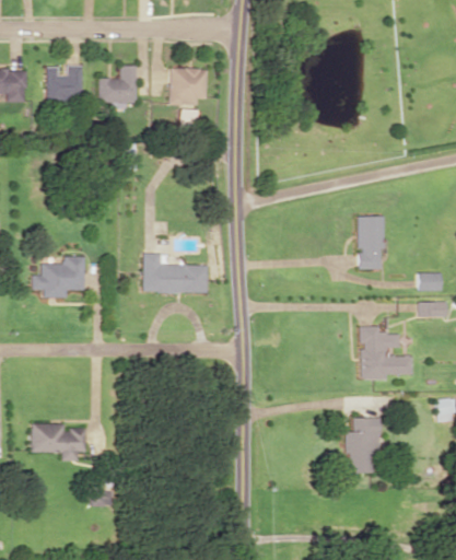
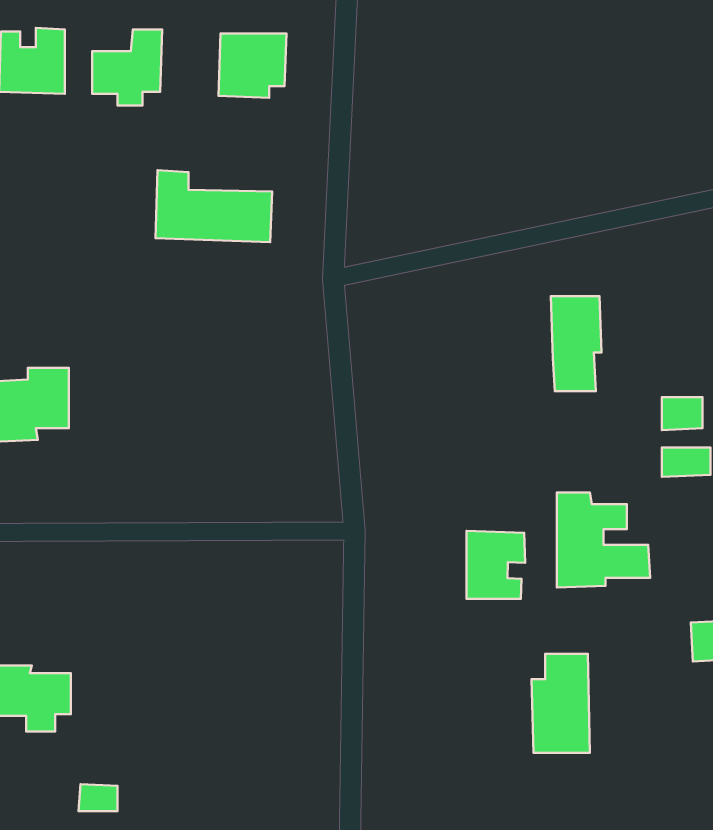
building: [142,253,208,293] -> [155,170,272,242]
building: none -> [466,531,525,599]

